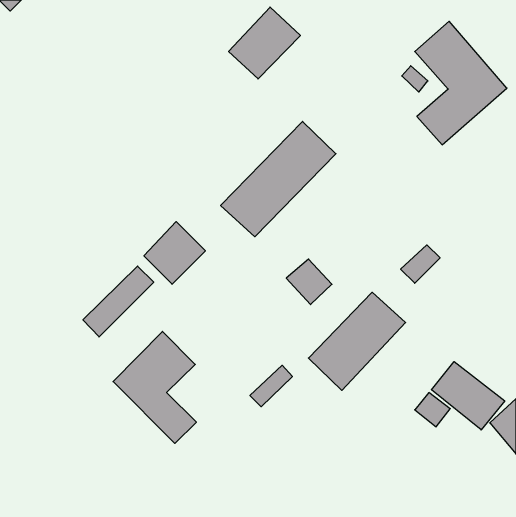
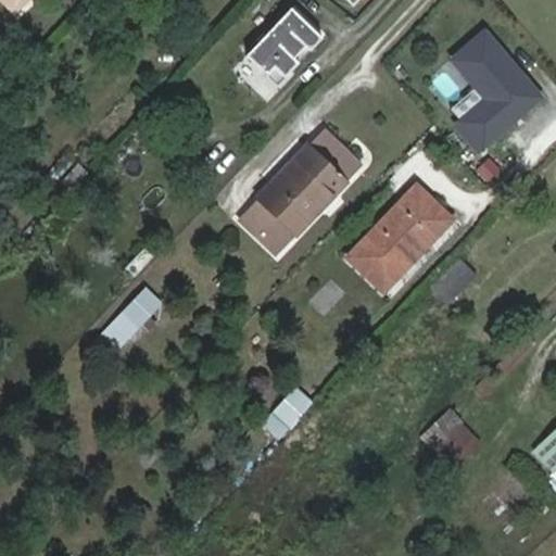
building: [144,222,205,284] -> none
building: [308,292,406,390] -> [346,187,451,292]
building: [113,331,196,443] -> none
building: [431,362,505,430] -> none

